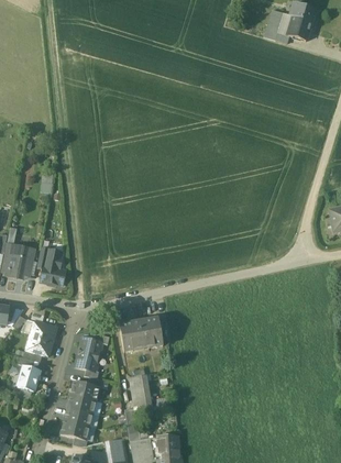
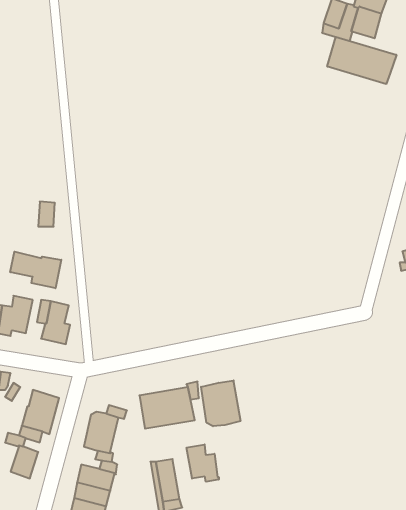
building: none -> [327,37,396,84]
building: none -> [10,252,61,288]
building: none -> [201,380,240,426]
building: none -> [187,444,219,482]

